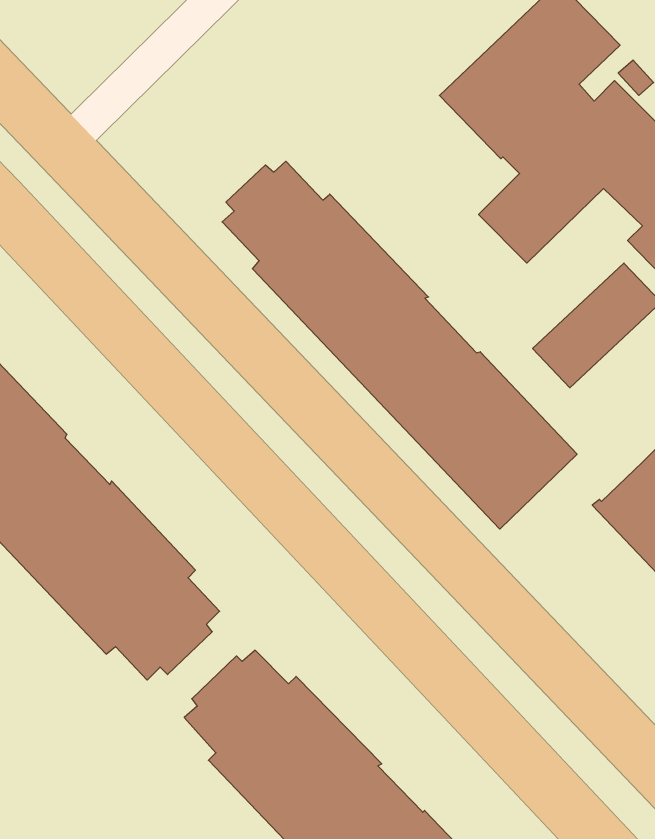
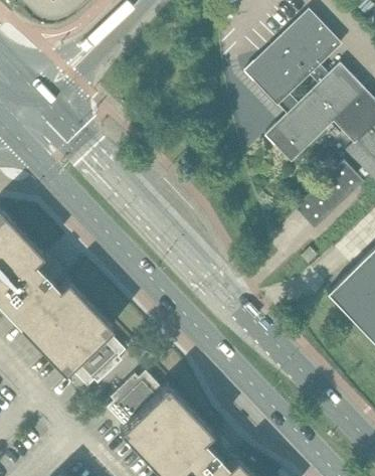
building: [222,161,577,529] -> none

